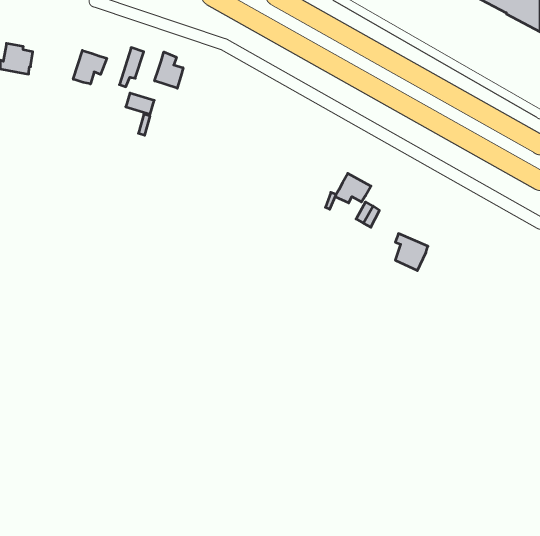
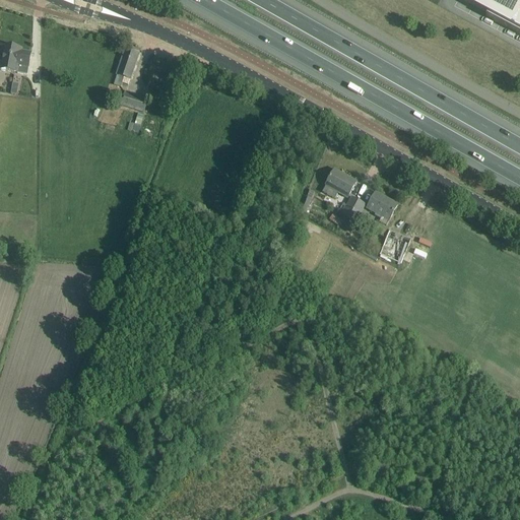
building: [73,50,107,84] -> none
building: [155,52,183,88] -> none
building: none -> [368,190,398,217]

